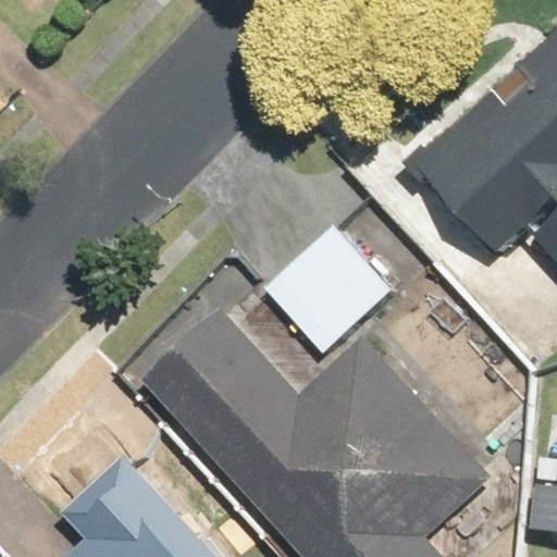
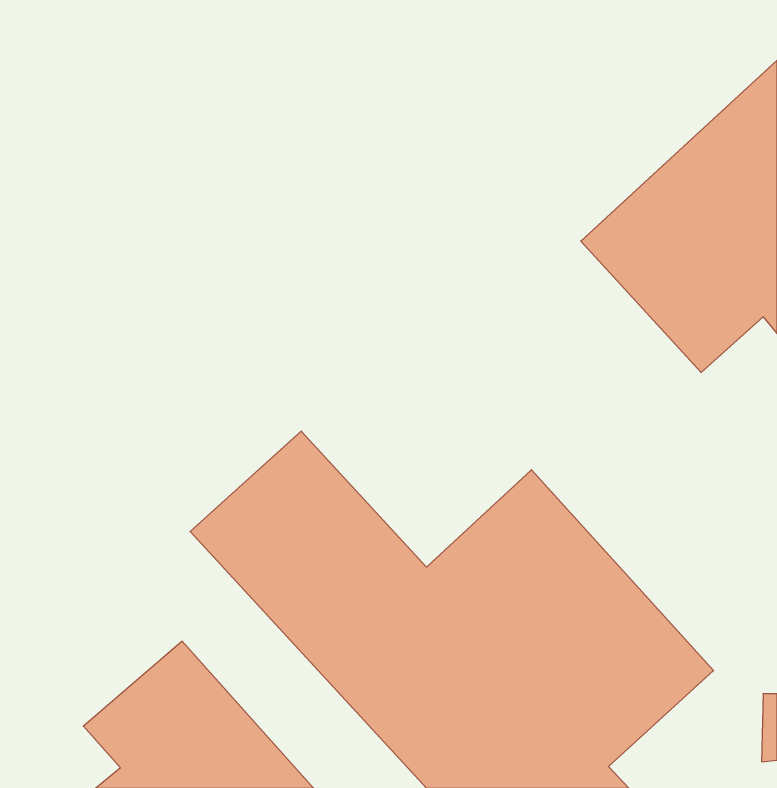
building: [265,227,393,356] -> none

